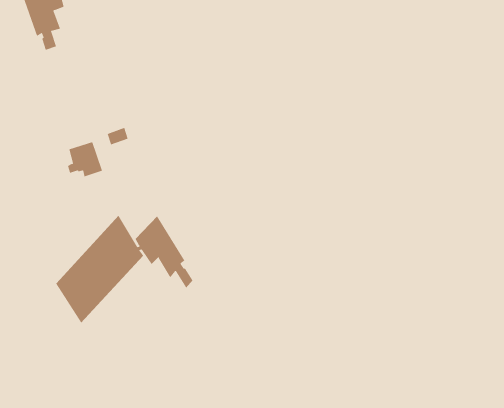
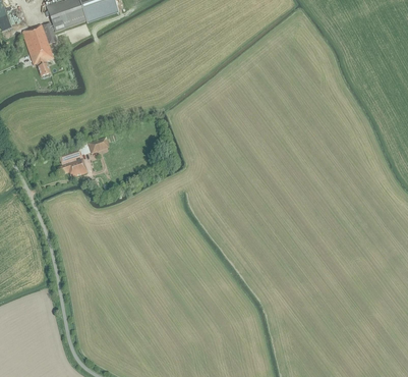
building: [56,215,193,323] -> none

